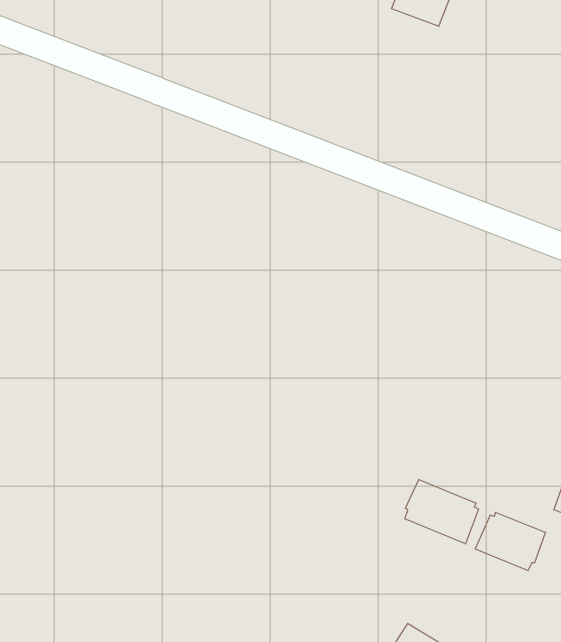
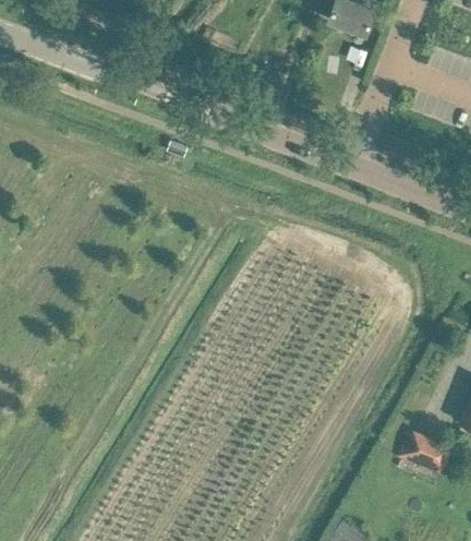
building: [405,479,479,544] -> none

